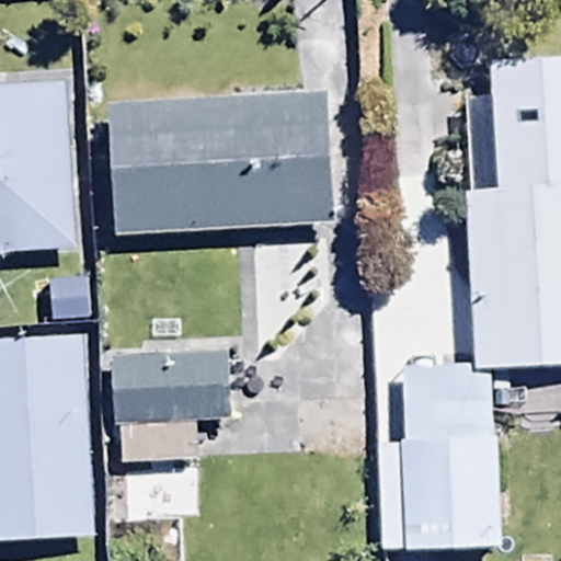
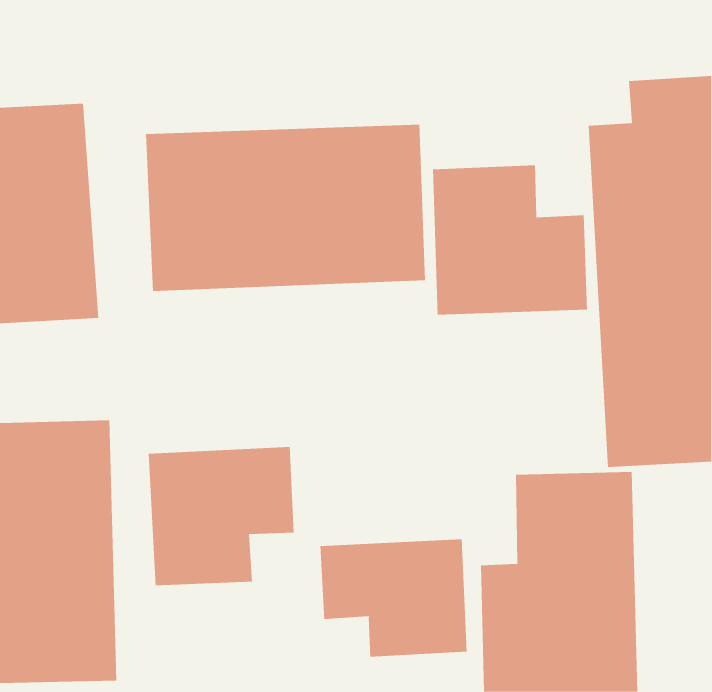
building: none -> [432,164,588,315]
building: none -> [320,539,467,658]

